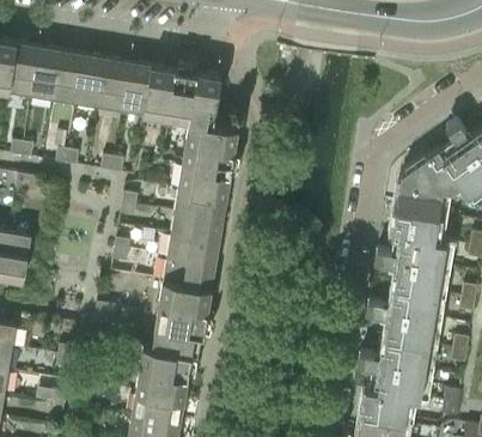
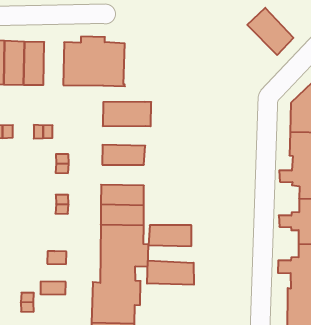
building: none -> [247,8,293,55]
building: [121,61,152,114] -> none
building: [187,121,238,147] -> none
building: [178,168,231,198] -> none
building: [170,212,222,243] -> [149,225,191,246]
building: none -> [147,261,194,285]

